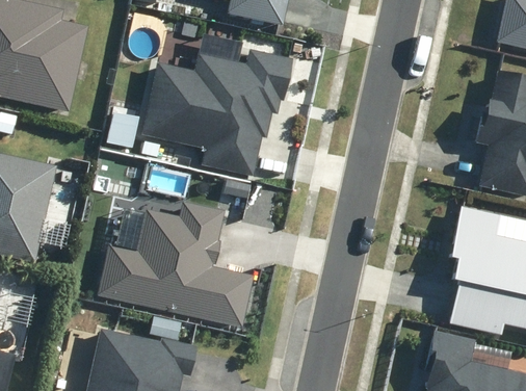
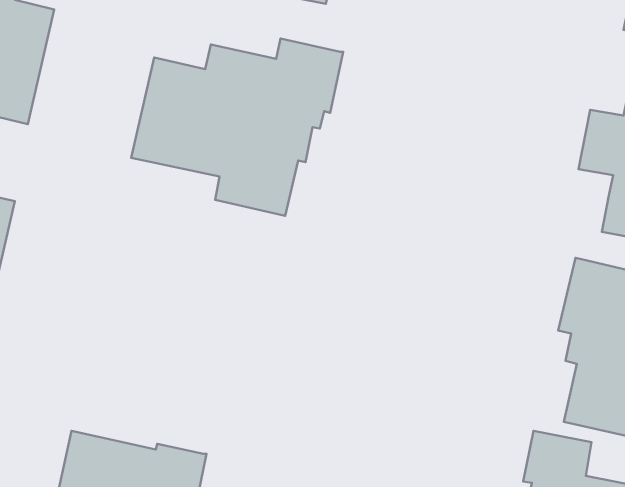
building: [98,200,255,327] -> none

